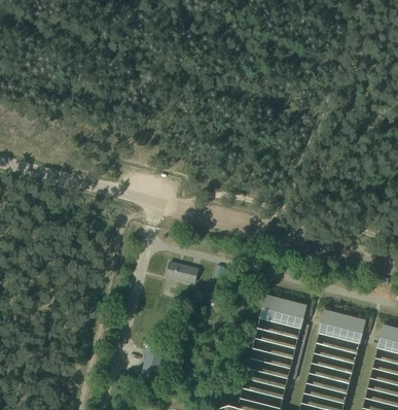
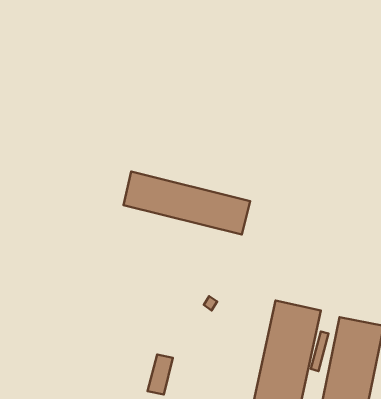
building: none -> [124,171,250,235]
building: [168,263,200,284] -> none

